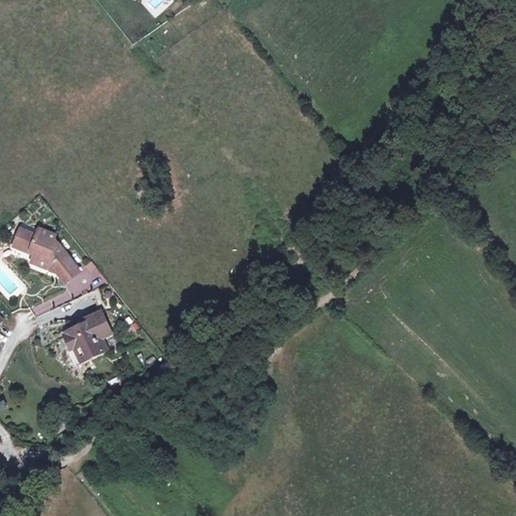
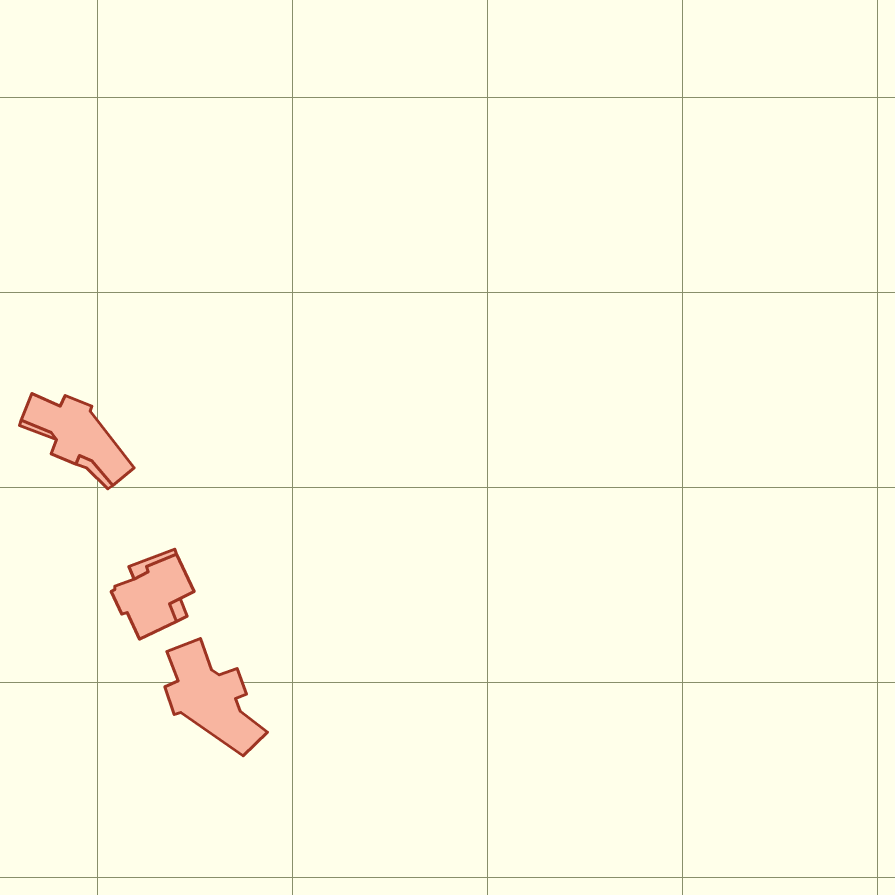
building: none -> [165,638,267,756]

